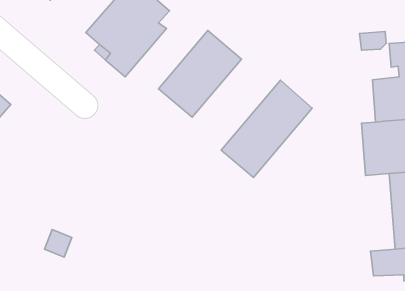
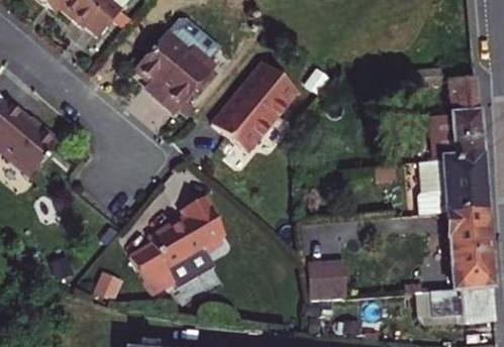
building: [221,80,312,177] -> none
building: none -> [129,195,227,295]
building: none -> [312,263,350,302]

